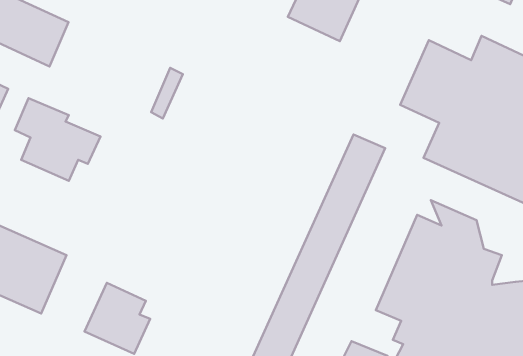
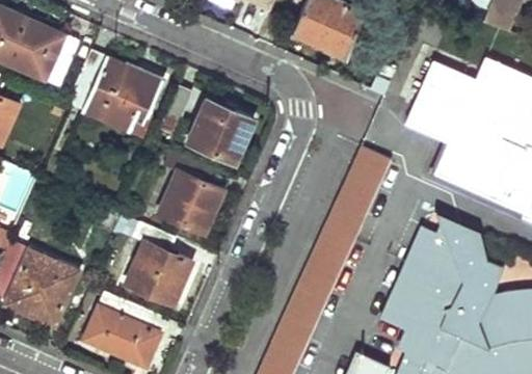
building: none -> [187,99,254,162]
building: [15,98,101,181] -> [77,48,161,129]
building: none -> [157,150,223,236]
building: none -> [123,220,190,304]

